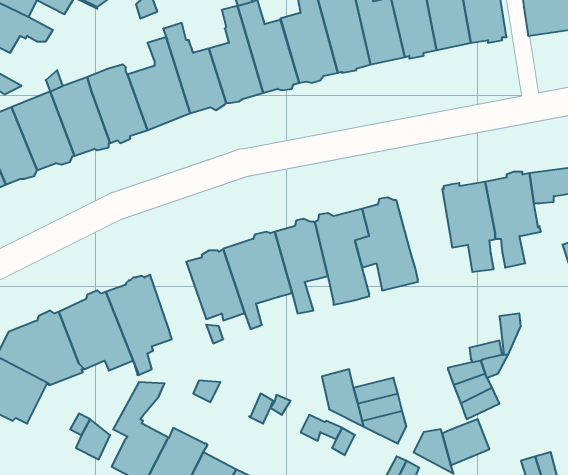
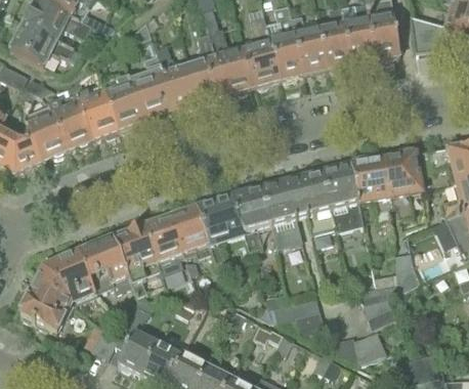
building: none -> [322,164,363,231]
building: none -> [145,216,185,275]

